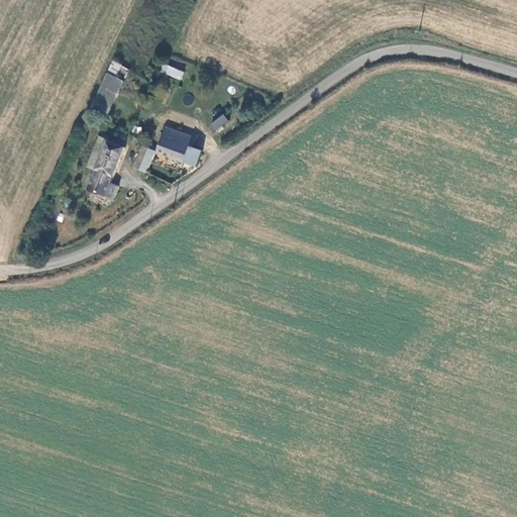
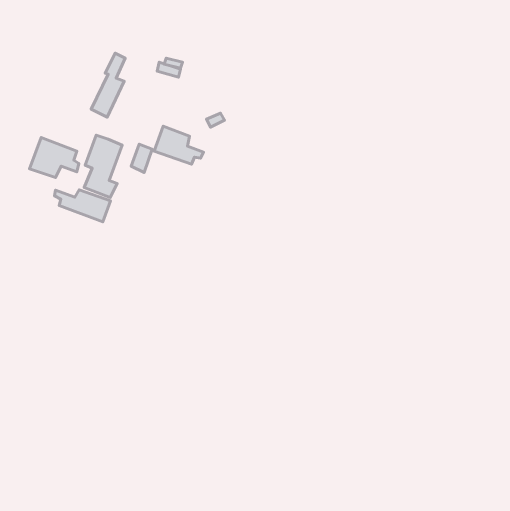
building: none -> [30,138,79,178]
building: none -> [54,190,111,222]

